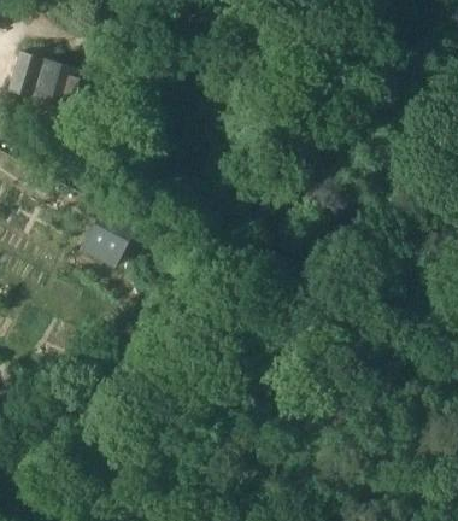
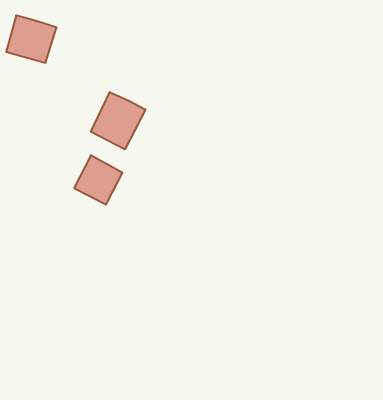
building: none -> [91,92,146,149]

